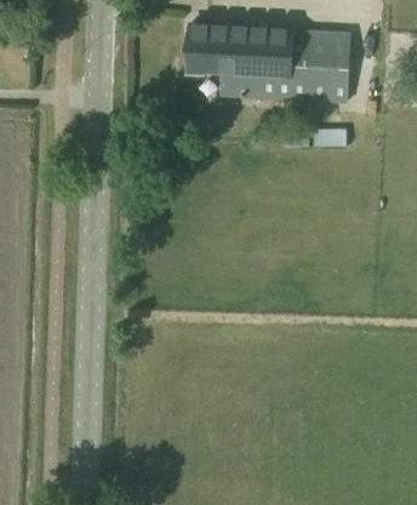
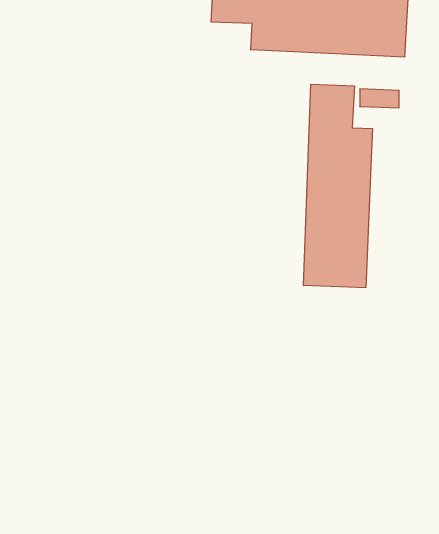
building: none -> [304,84,372,288]

